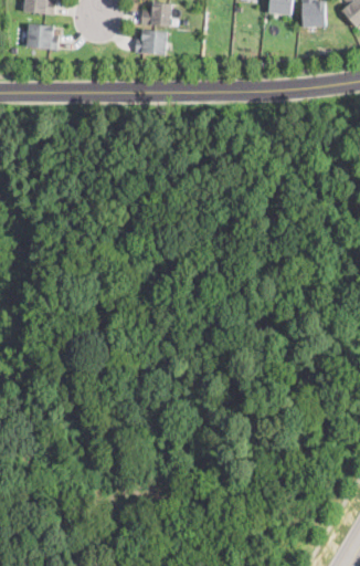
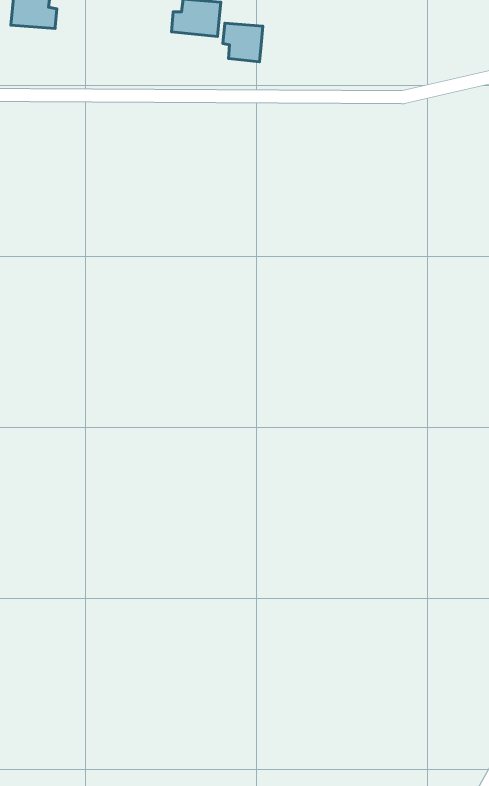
building: none -> [223,23,263,62]

